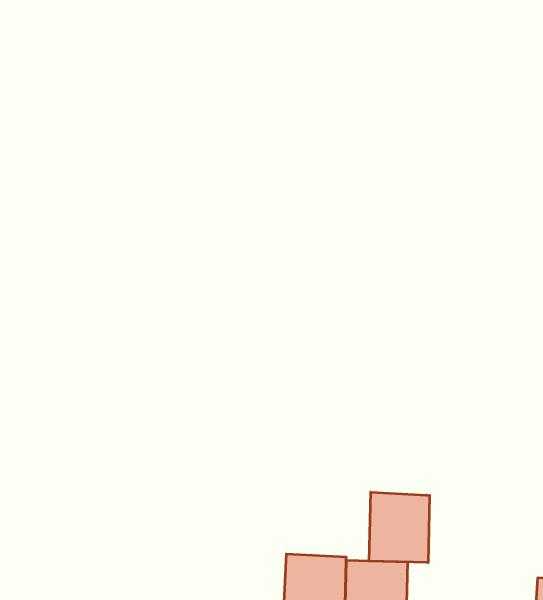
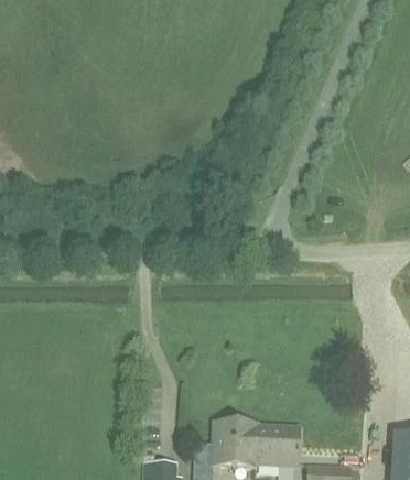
building: [369,492,430,563] -> none

